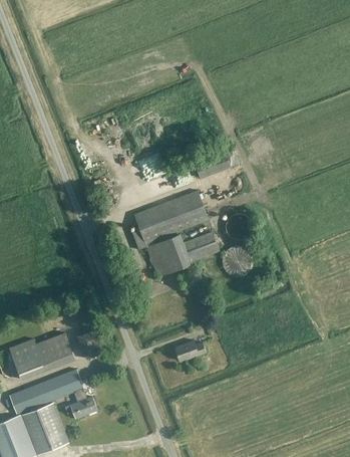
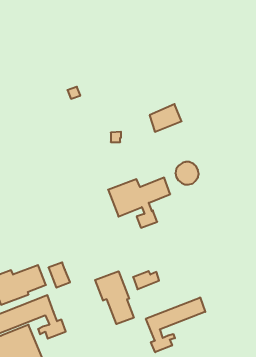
building: [133,191,206,243] -> none
building: [220,246,251,277] -> none
building: none -> [95,271,134,324]
building: none -> [146,297,205,352]

